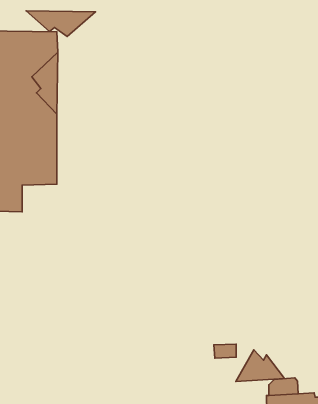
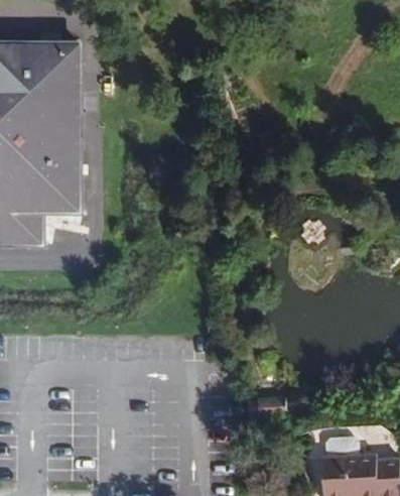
building: [26,11,95,36] -> none
building: [236,350,285,382] -> none

